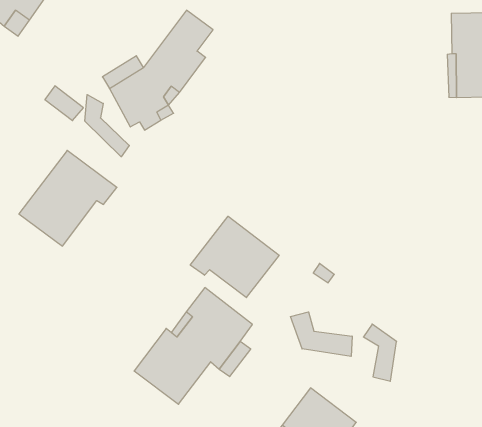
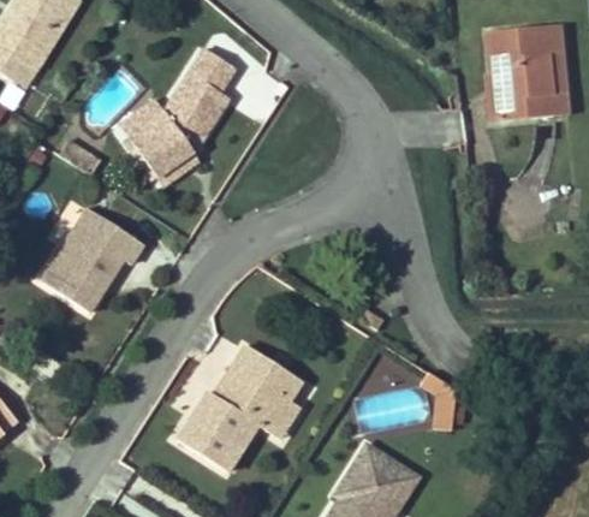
building: [85,95,129,157] -> none
building: [190,216,279,298] -> none
building: [290,312,352,356] -> none

